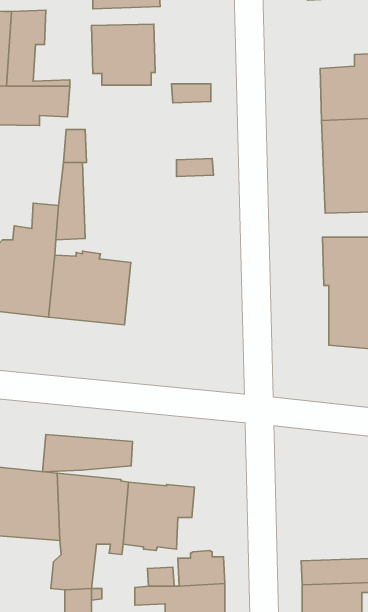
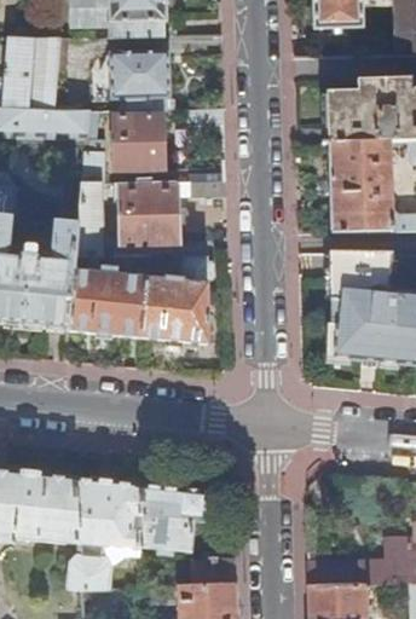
building: none -> [114,114,164,174]
building: none -> [121,179,177,243]
building: none -> [141,256,214,343]
building: [42,434,132,472] -> none

